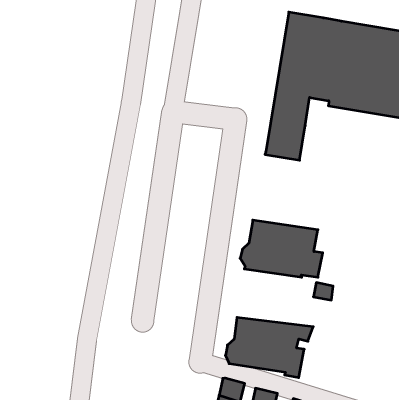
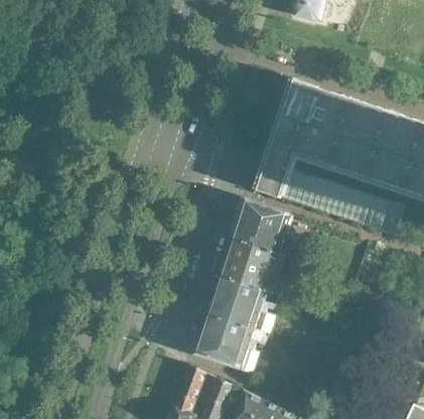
building: none -> [232,200,293,257]
building: none -> [206,279,275,334]

